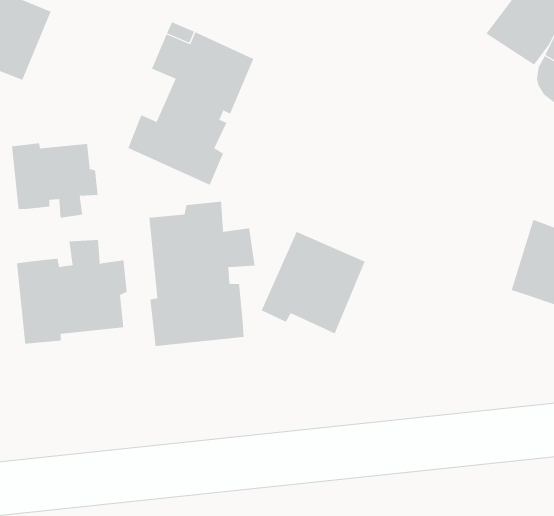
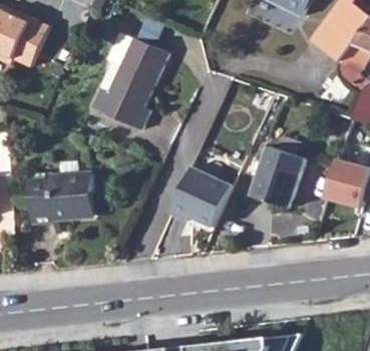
building: [11,143,98,219] -> none
building: none -> [250,141,302,202]
building: [149,201,255,347] -> none

